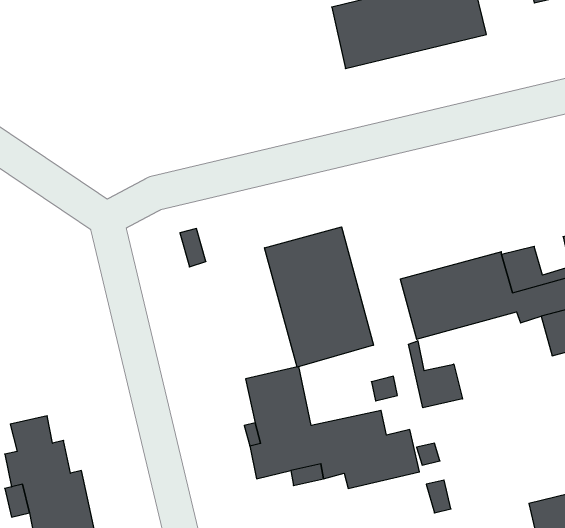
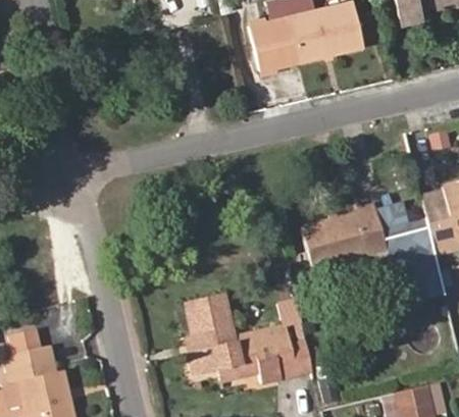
building: [265,227,373,367] -> none
building: [409,341,463,408] -> none

